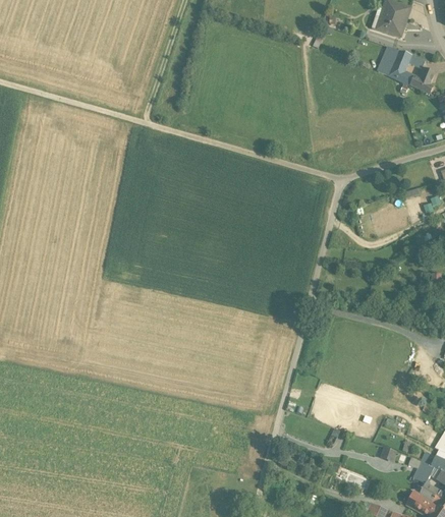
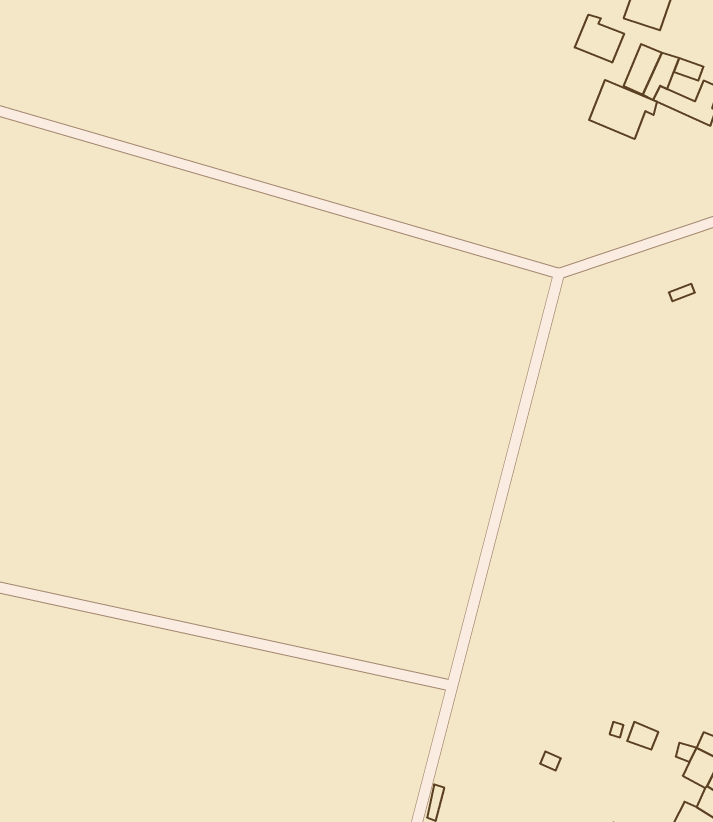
building: none -> [575,15,624,63]
building: none -> [589,80,657,139]

